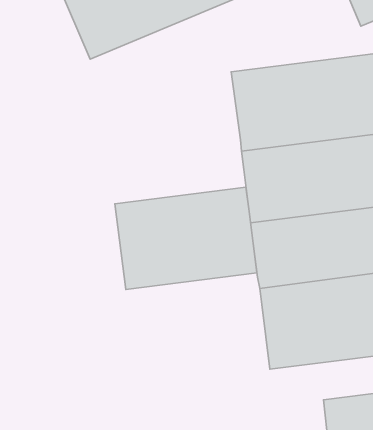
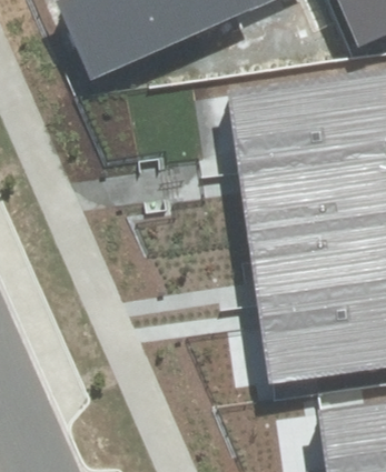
building: [115,187,257,289] -> none

